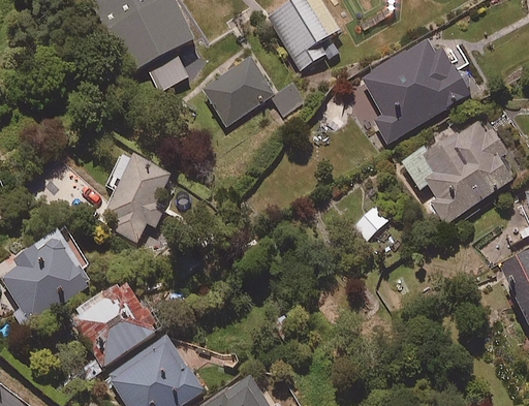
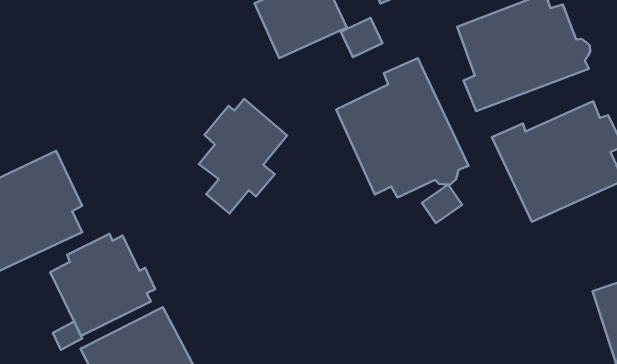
building: none -> [336,58,468,197]
building: [104,149,170,241] -> [199,99,287,214]

